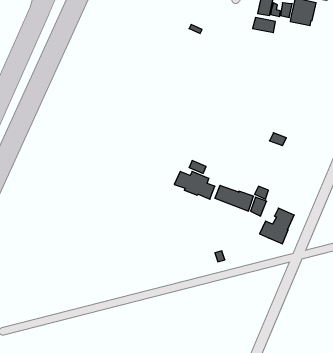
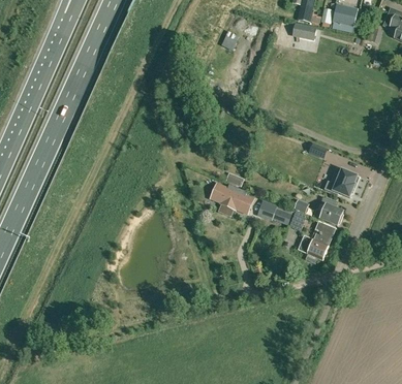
building: none -> [324,167,358,197]
building: none -> [314,196,344,225]

